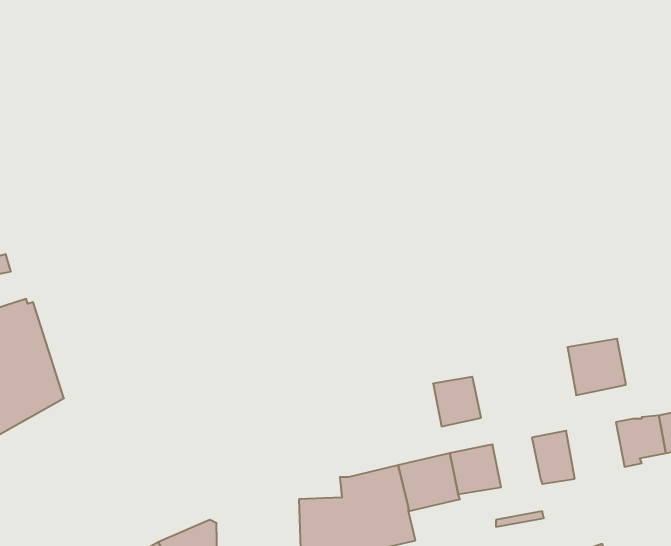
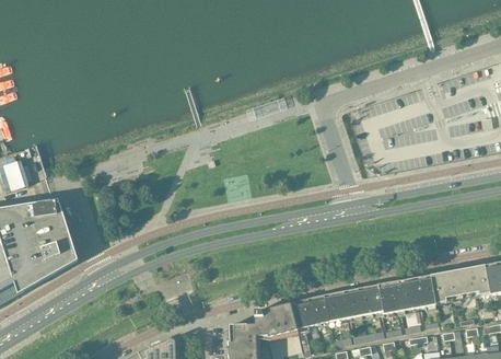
building: [567,339,626,395] -> [398,276,435,312]
building: [433,377,481,426] -> [351,286,382,317]

